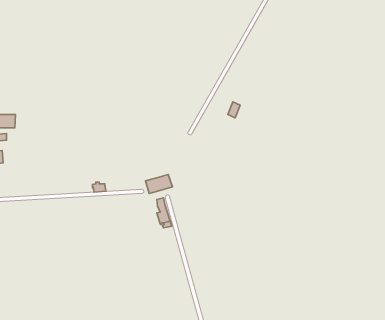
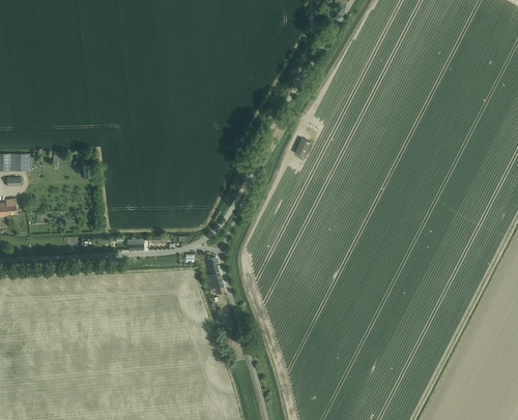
building: [146,174,172,193] -> none

